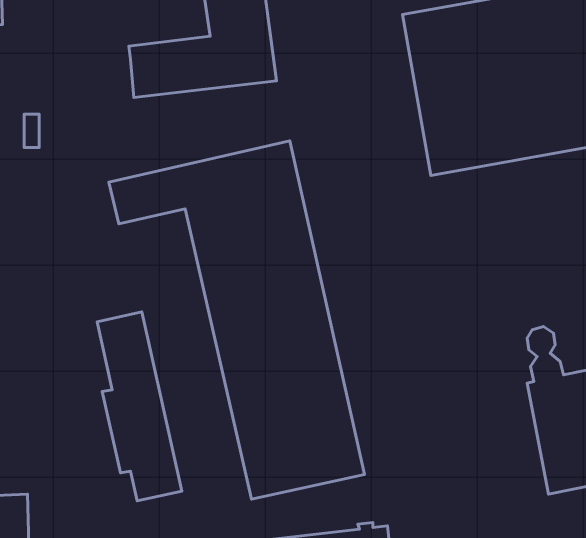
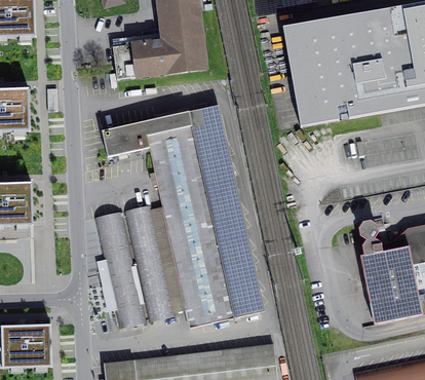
building: none -> [124,204,177,321]

